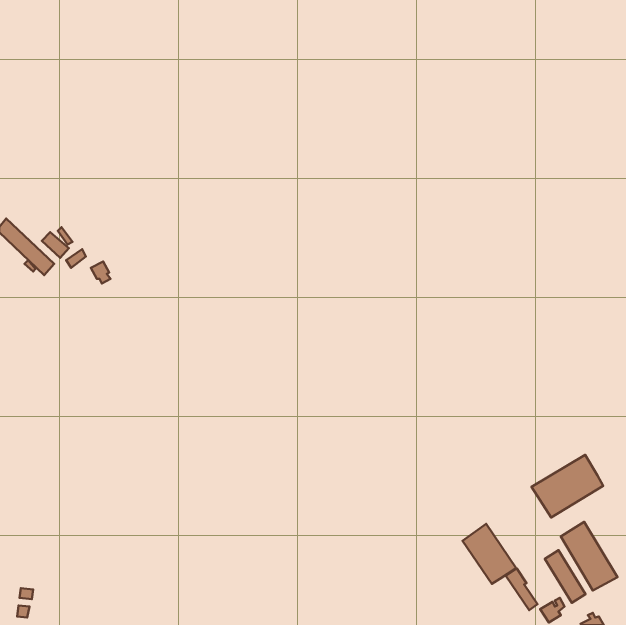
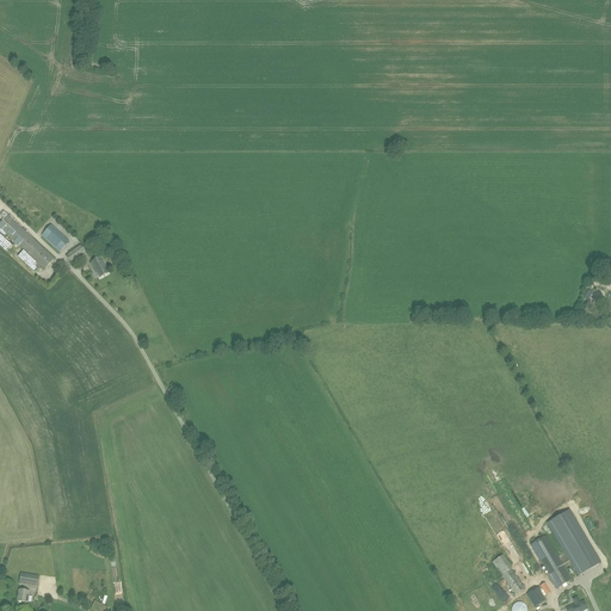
building: [532,455,603,517] -> none
building: [462,524,516,584] -> none

